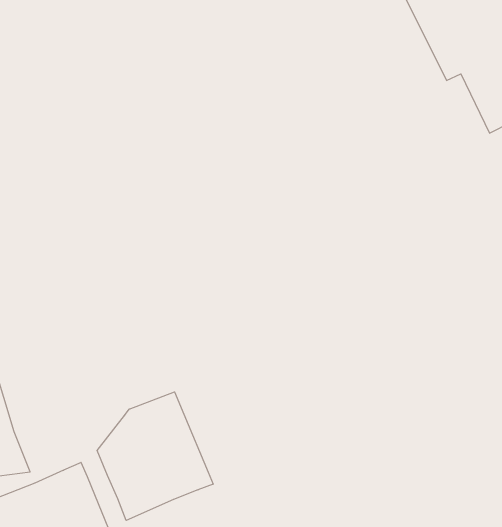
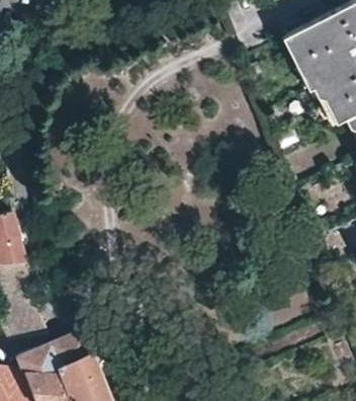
building: [97,392,213,520] -> none

